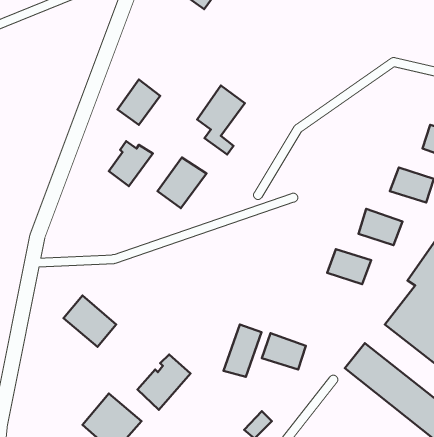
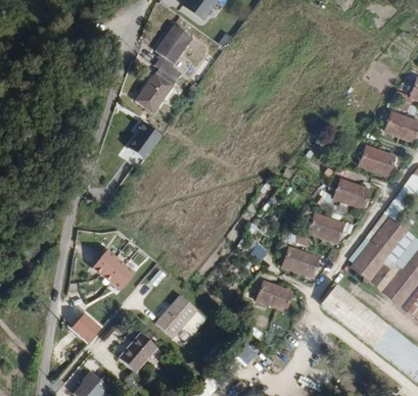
building: [197,85,245,155] -> [152,22,191,79]
building: [157,157,206,208] -> none
building: none -> [280,245,316,275]
building: [223,324,261,377] -> none
building: none -> [76,312,104,340]

